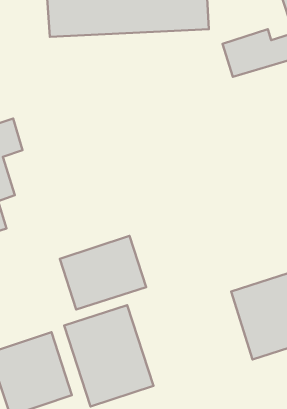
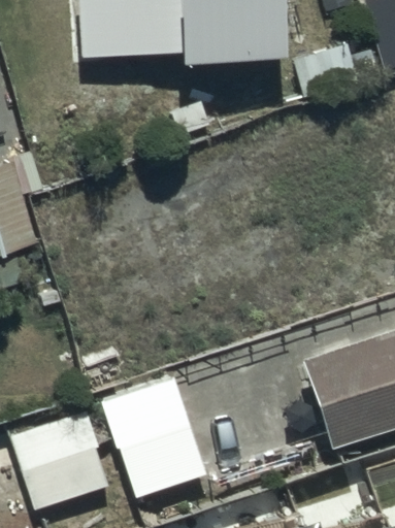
building: [60,236,146,309] -> none

